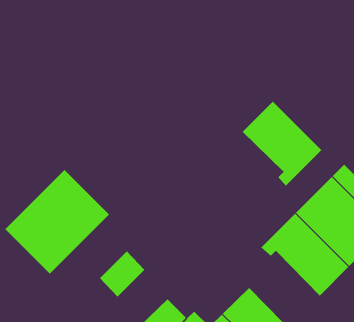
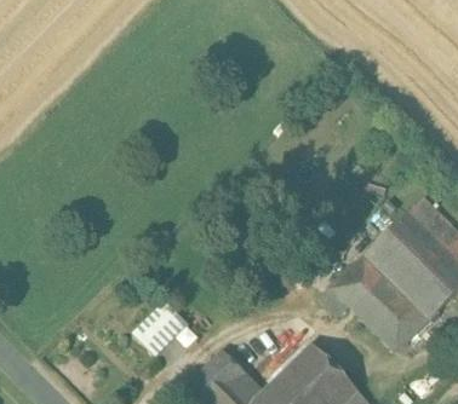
building: [242,101,322,187] -> none
building: [4,169,110,275] -> none

